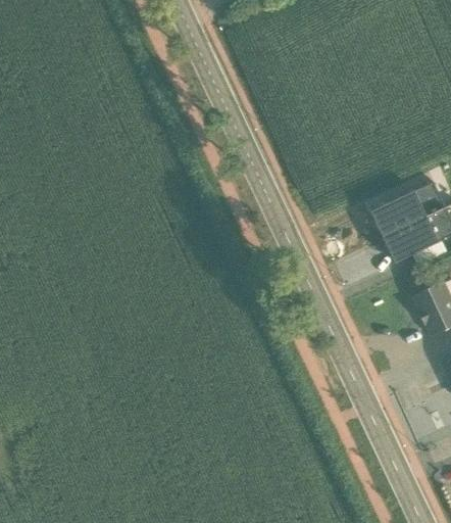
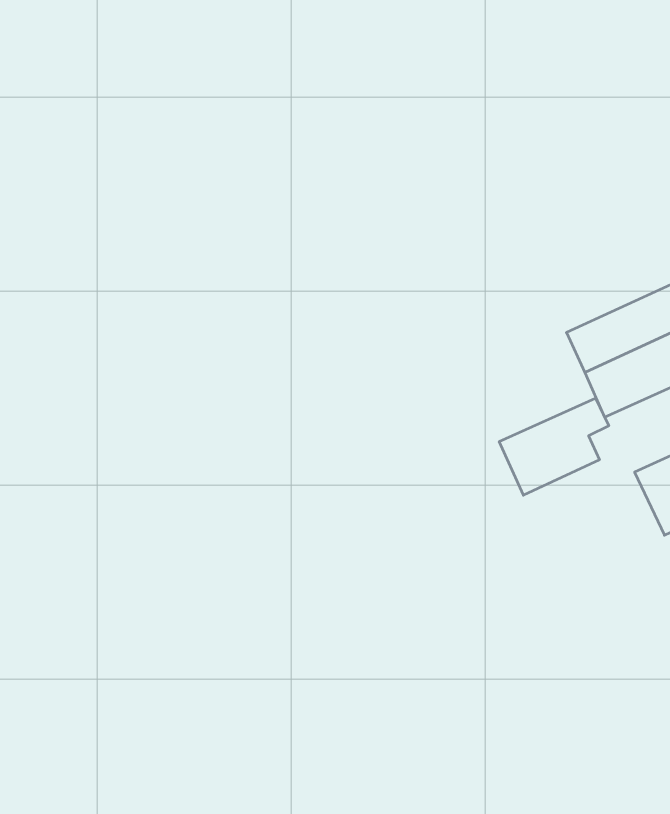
building: none -> [499,398,609,495]

